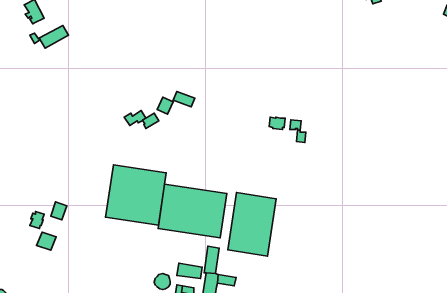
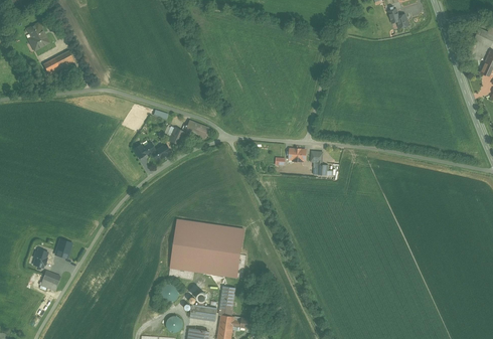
building: [105,165,166,225] -> none
building: [228,193,276,256] -> none

